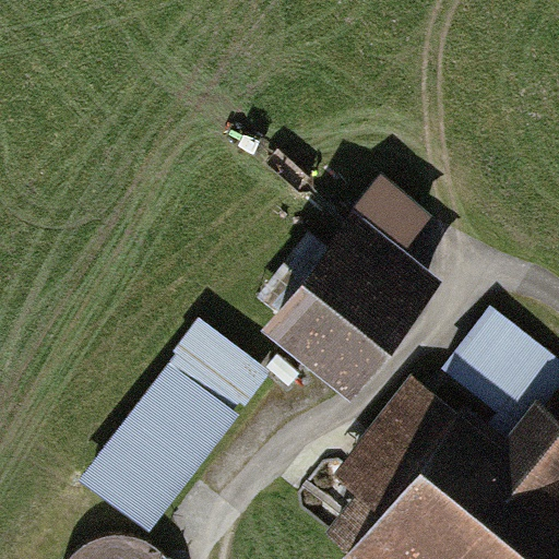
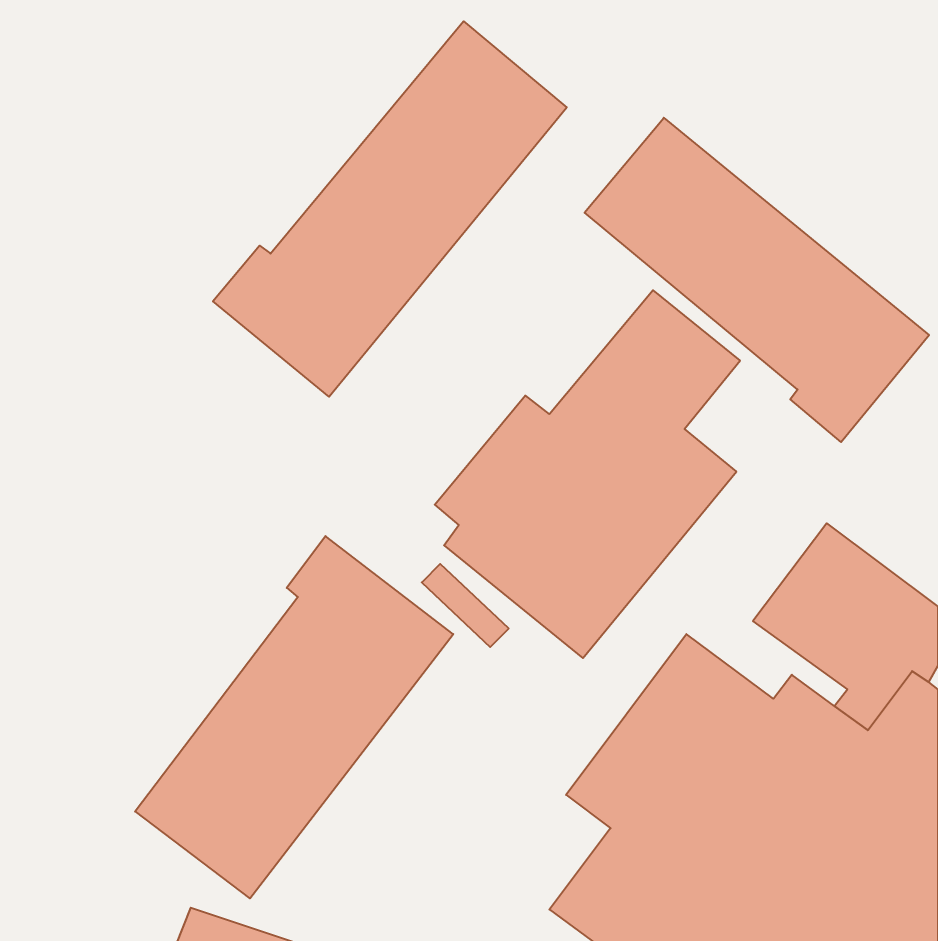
building: none -> [213,21,567,397]
building: none -> [585,118,929,442]

